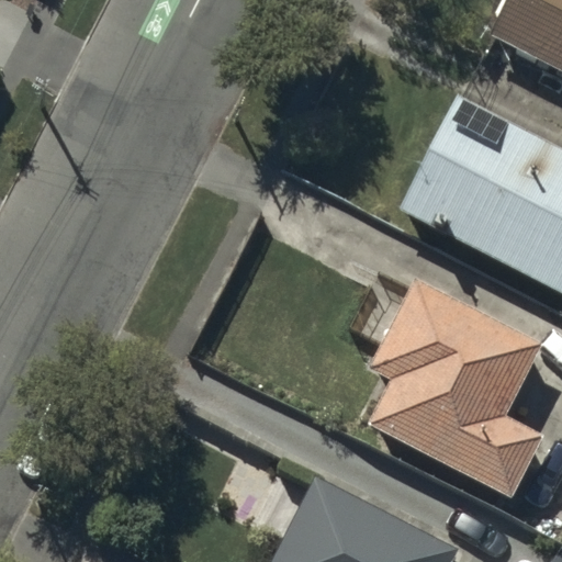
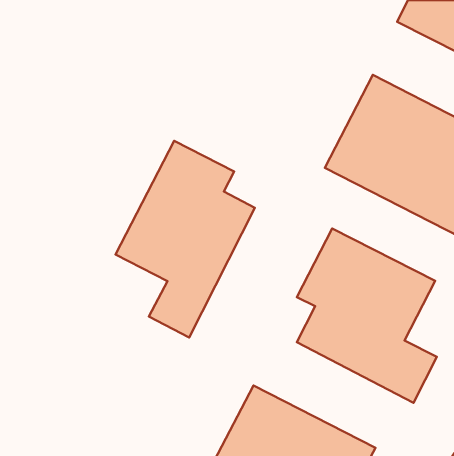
building: none -> [115,141,255,337]

